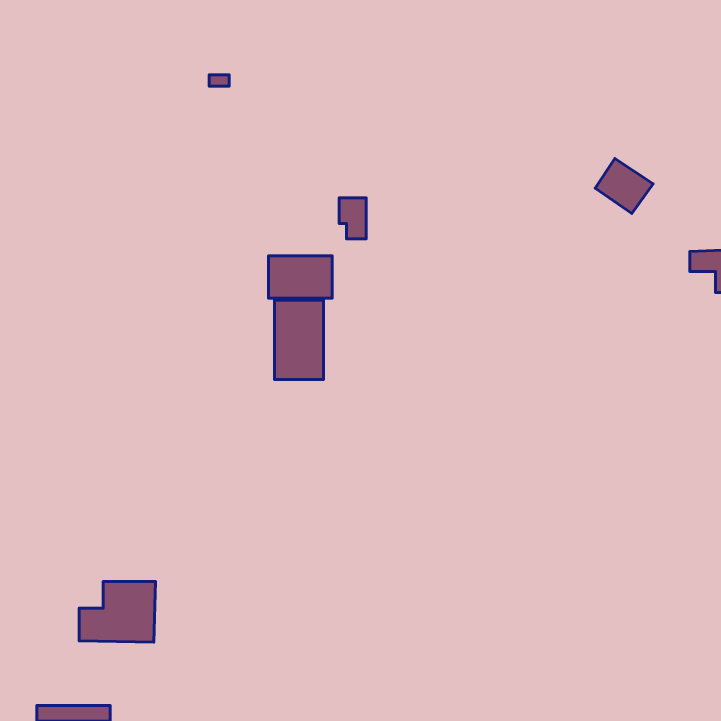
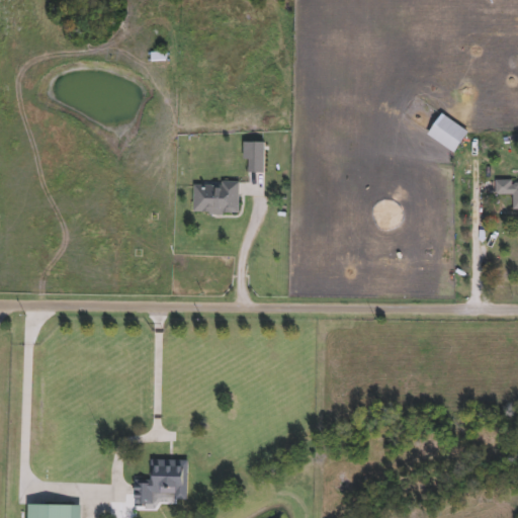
building: [275,300,324,379] -> none
building: [79,581,155,642] -> [134,460,188,504]

